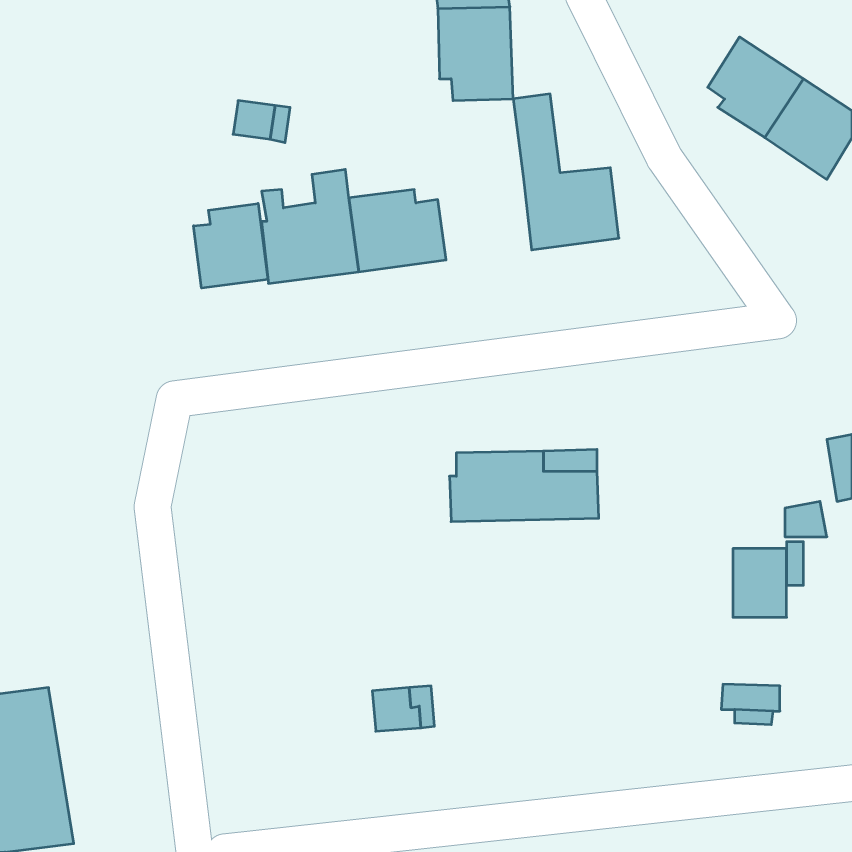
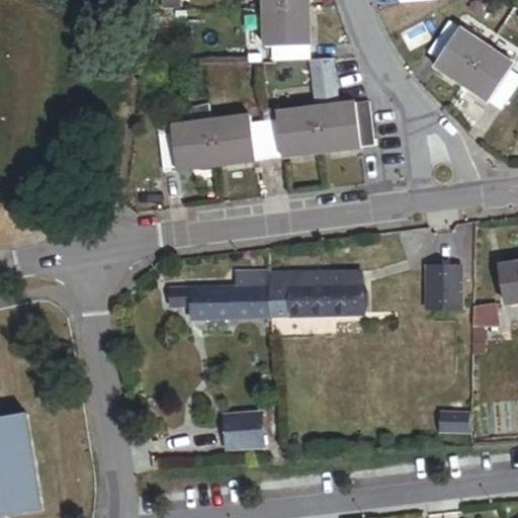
building: none -> [264,106,321,157]
building: [194,203,268,288] -> none
building: none -> [169,274,272,316]
building: [733,549,787,617] -> [429,265,461,307]

